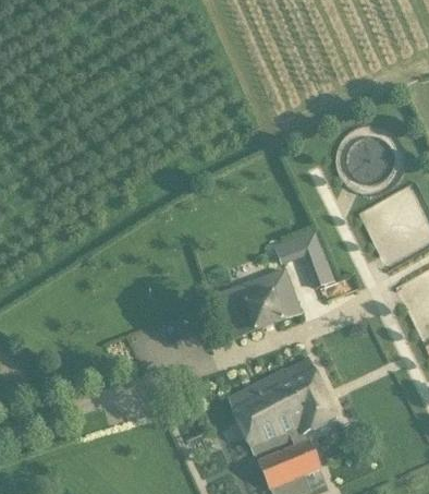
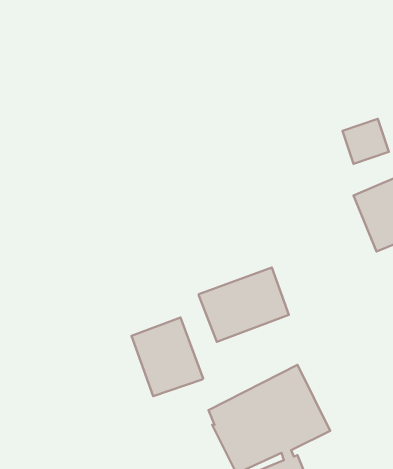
building: [273,228,335,286] -> none
building: none -> [131,317,203,396]

